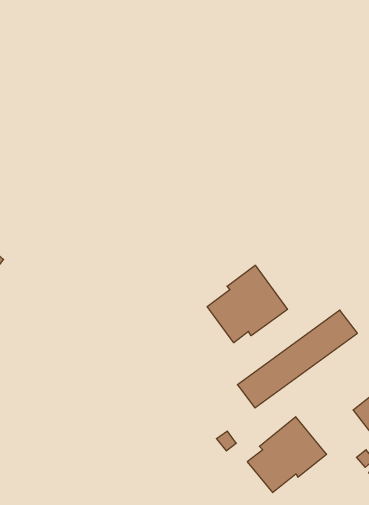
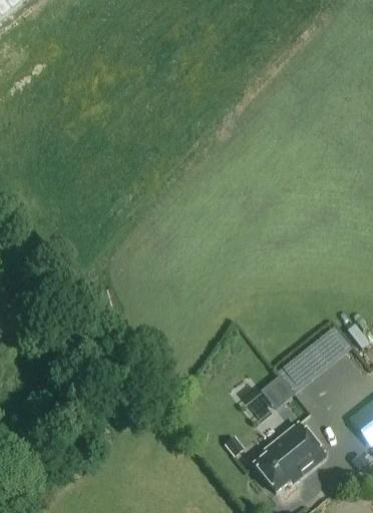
building: [207,265,287,343] -> none

